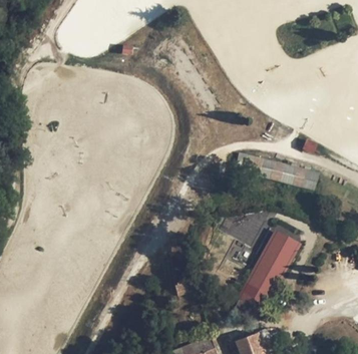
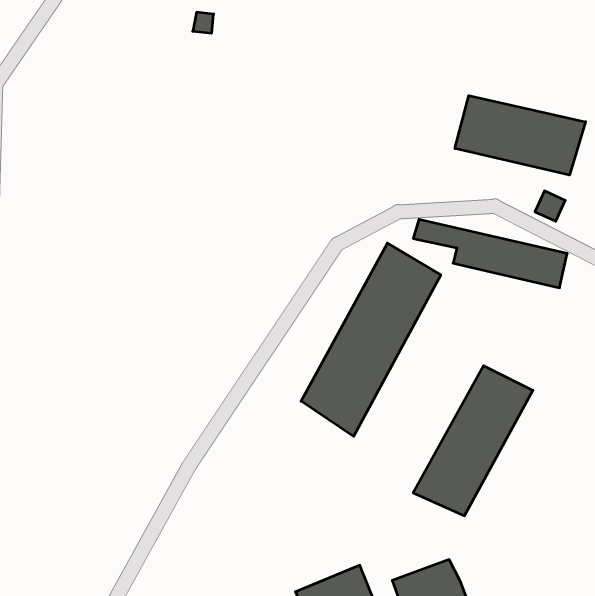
building: none -> [455,96,586,175]
building: none -> [301,243,441,436]

